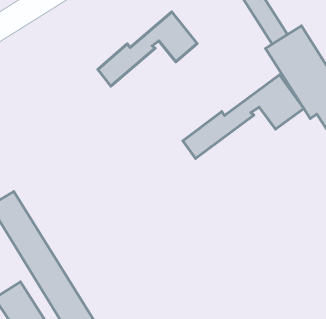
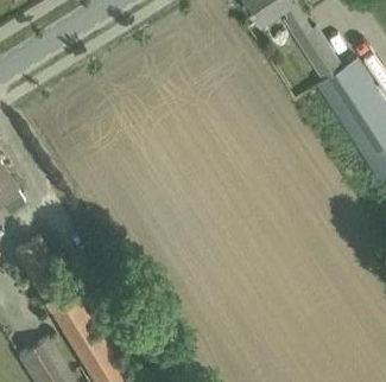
building: [98,12,197,86] -> none
building: [183,75,304,158] -> none

